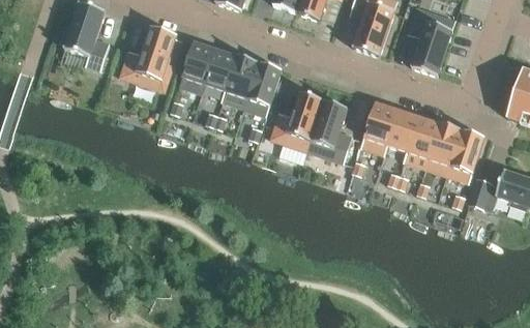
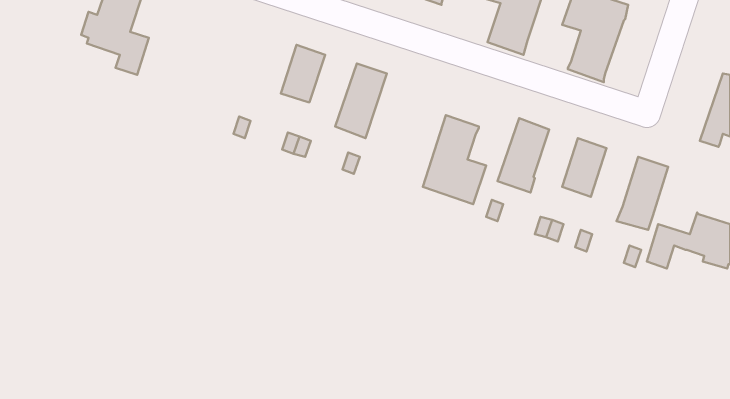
building: [119,25,176,88] -> none
building: [179,40,215,92] -> none
building: [220,53,259,107] -> none
building: [269,91,323,150] -> none
building: [386,109,418,150] -> none
building: [423,121,462,175] -> none

